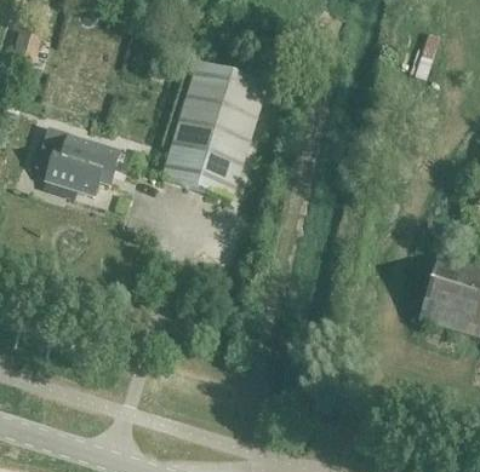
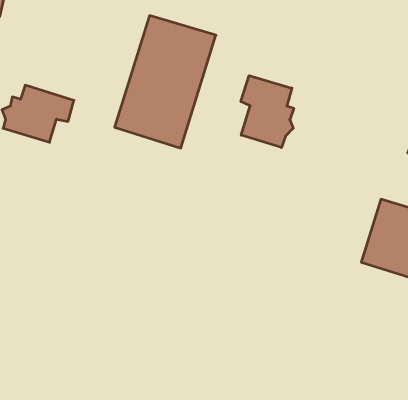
building: none -> [241,76,294,148]

